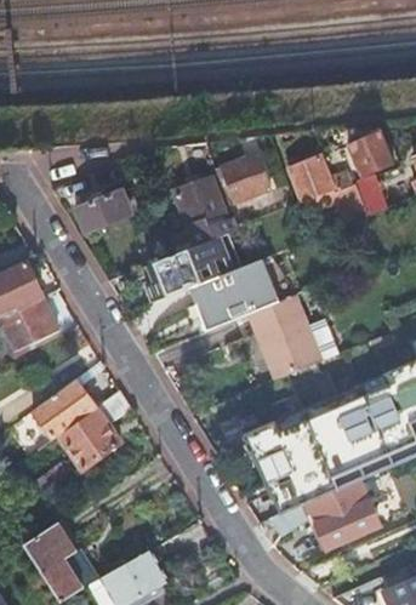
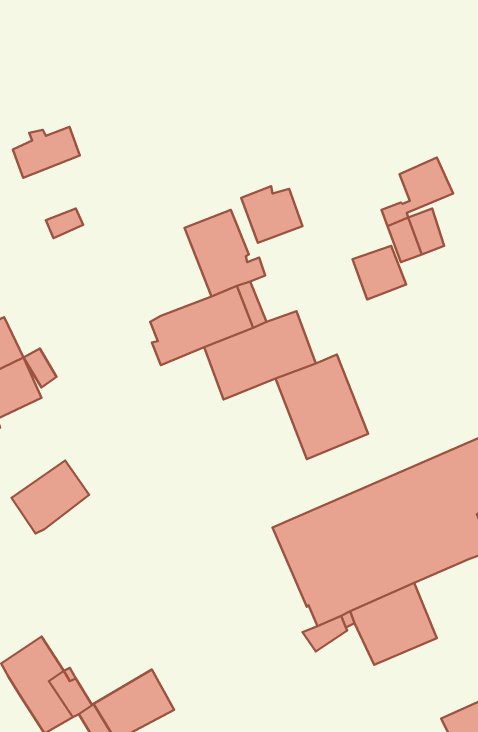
building: [290,159,334,202] -> [352,246,406,299]
building: [78,190,132,232] -> [13,127,80,178]
building: [61,393,130,470] -> none

